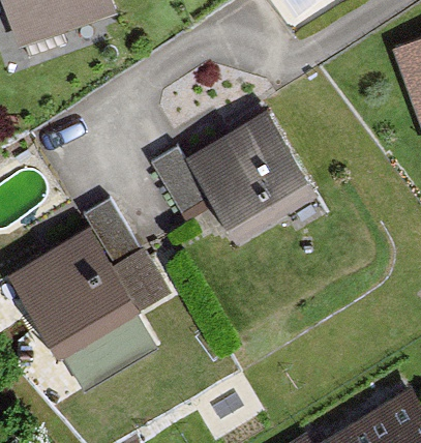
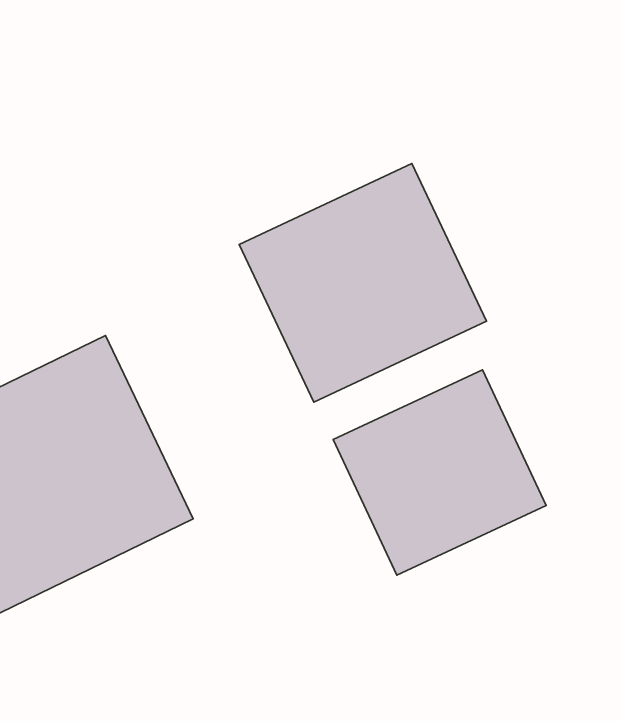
building: none -> [333,370,546,575]

